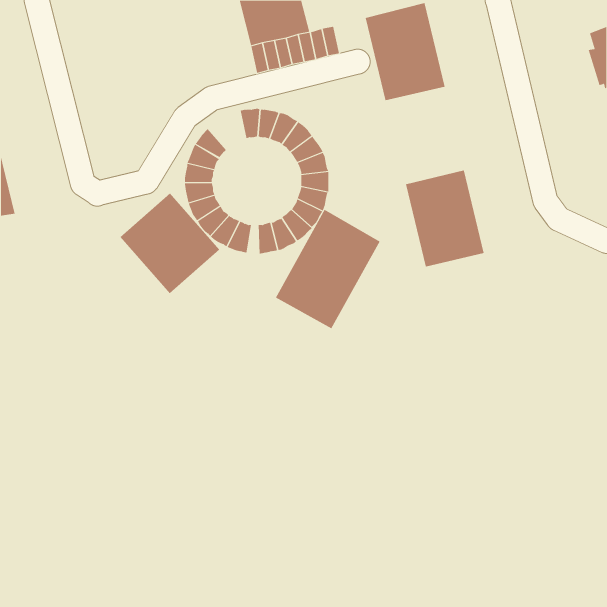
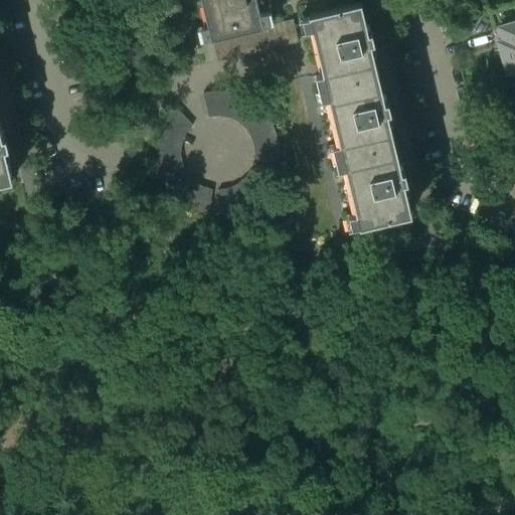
building: none -> [326,73,393,156]
building: [120,192,220,294] -> none
building: [275,209,381,329] -> none

